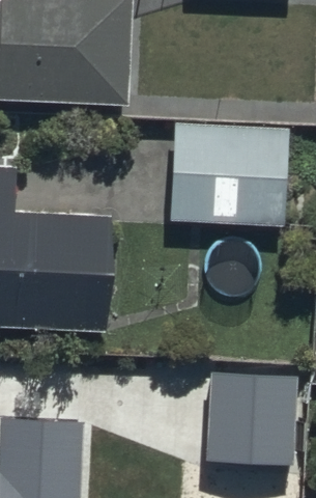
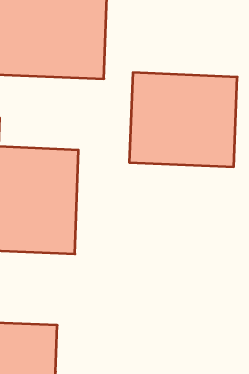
building: [205,366,299,460] -> none

